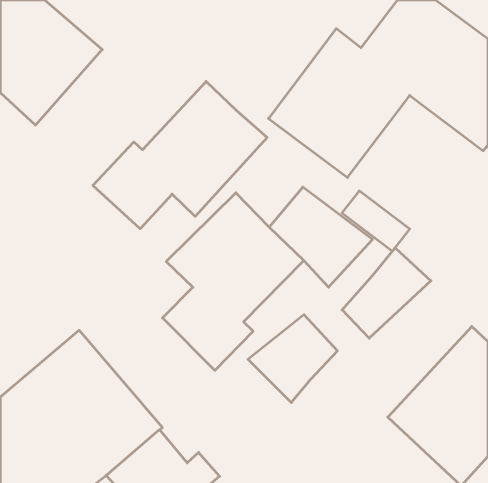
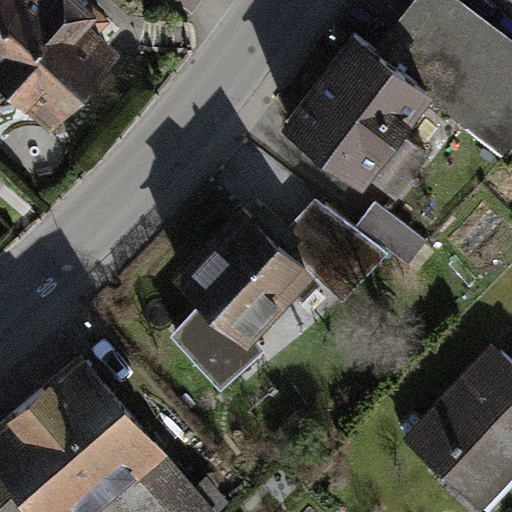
building: [93,81,267,229] -> none
building: [342,248,431,338] -> none
building: [248,315,337,403] -> none

